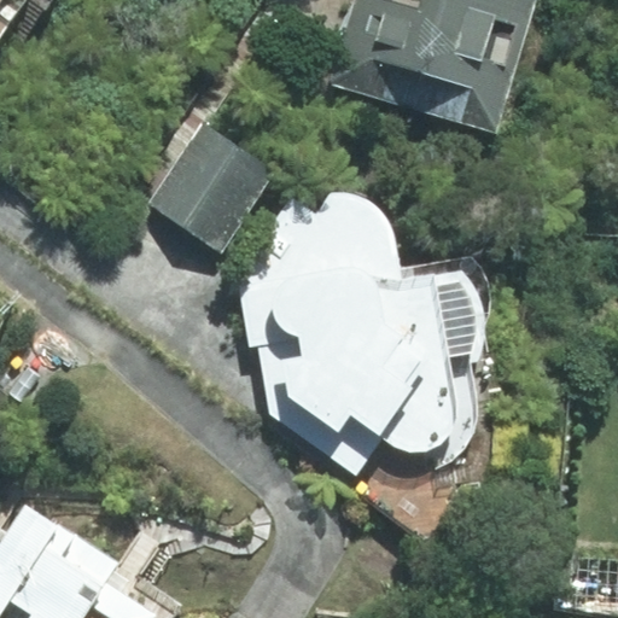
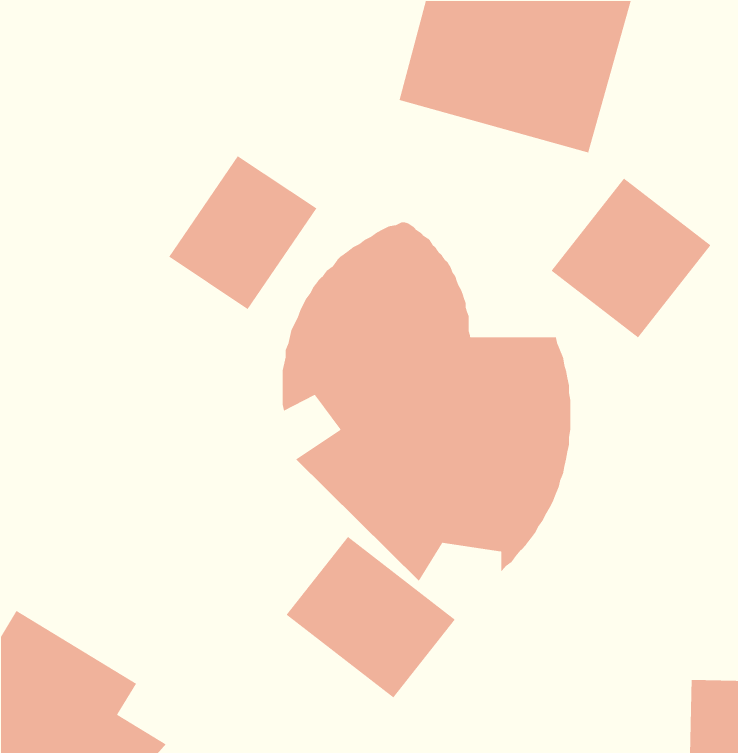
building: none -> [551,177,711,338]
building: none -> [285,536,456,698]

